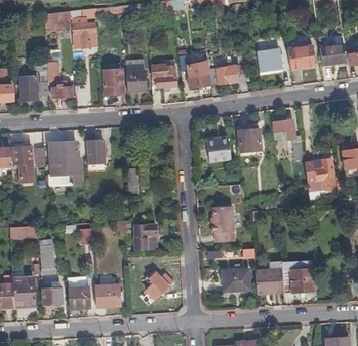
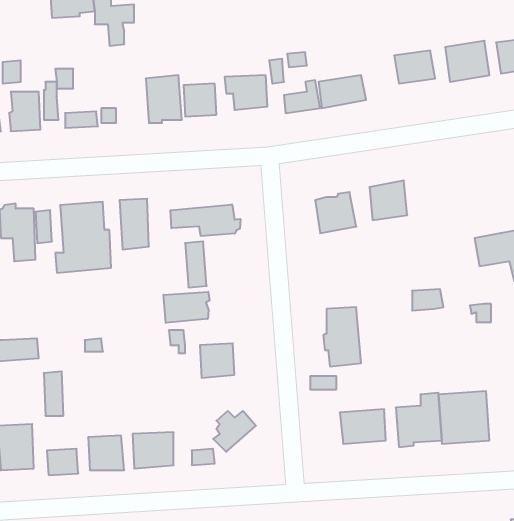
building: [274,119,304,160] -> none
building: none -> [171,204,240,236]
building: none -> [164,292,209,323]

